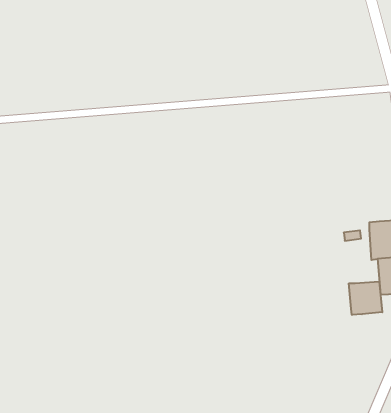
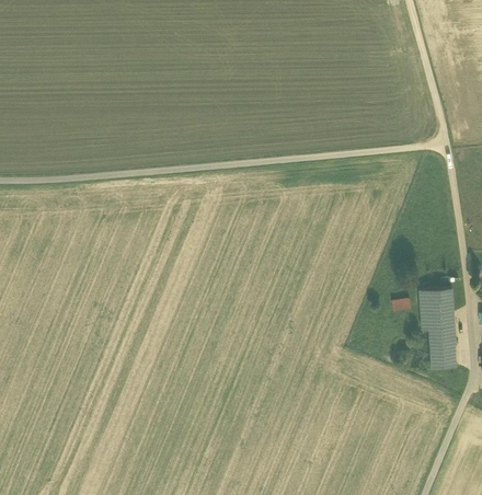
building: [349,282,382,315] -> none

